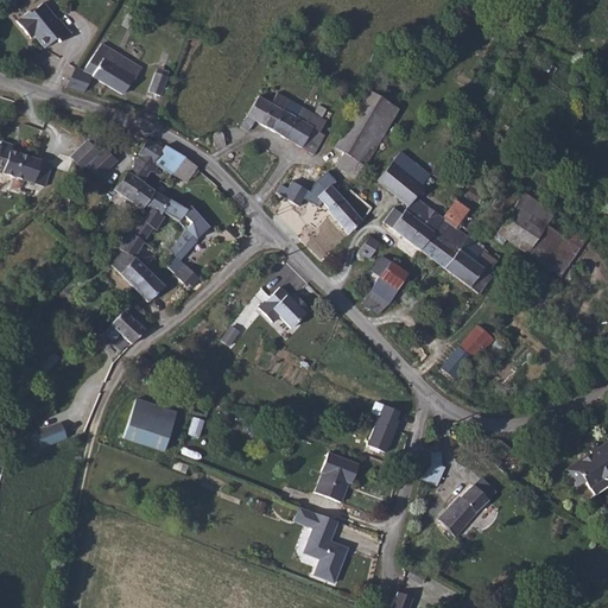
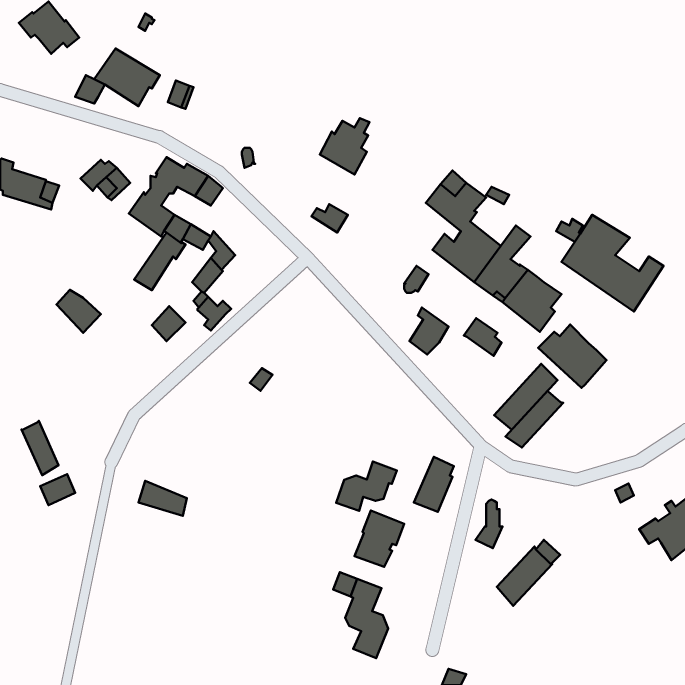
building: [335,90,398,178] -> none
building: [242,91,304,137] -> none
building: [318,184,363,234] -> none
building: [112,249,151,287] -> [56,290,101,333]
building: [372,255,405,289] -> [464,318,502,356]
building: [259,286,310,328] -> none
building: none -> [538,325,607,388]
building: [113,310,146,344] -> none
building: none -> [505,390,563,447]
building: none -> [22,421,59,475]
building: [129,392,177,441] -> none
building: none -> [336,462,397,511]

